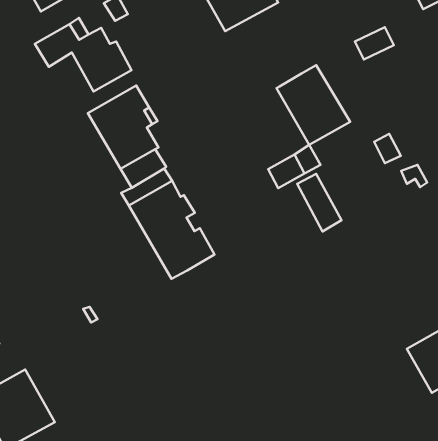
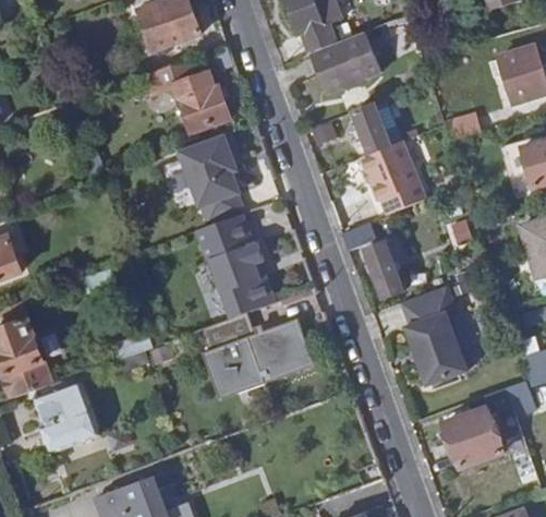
building: none -> [350,105,388,155]
building: none -> [400,287,472,390]
building: none -> [203,314,316,400]

